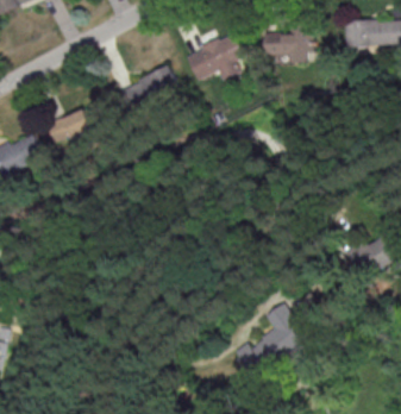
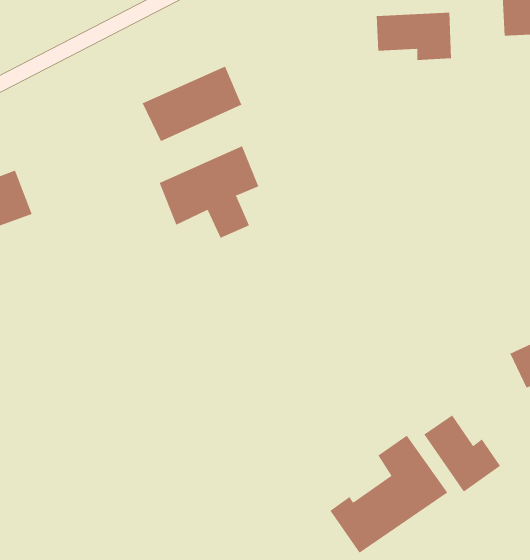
building: [183,30,248,89] -> [159,146,259,238]
building: [46,108,94,146] -> none
building: none -> [424,415,501,492]

